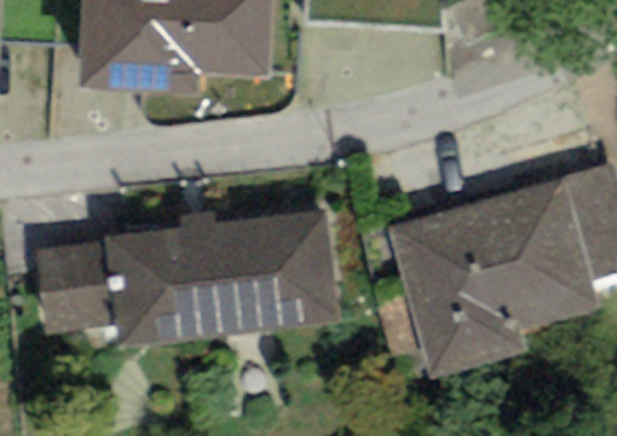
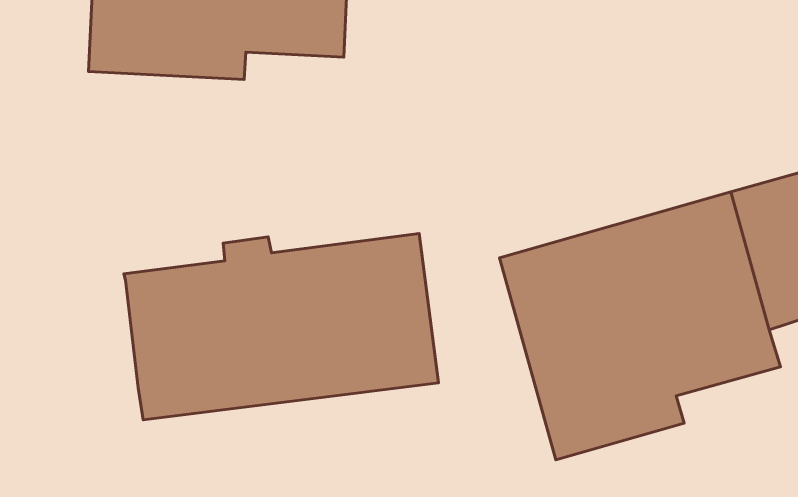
building: [35,243,115,332] -> none

